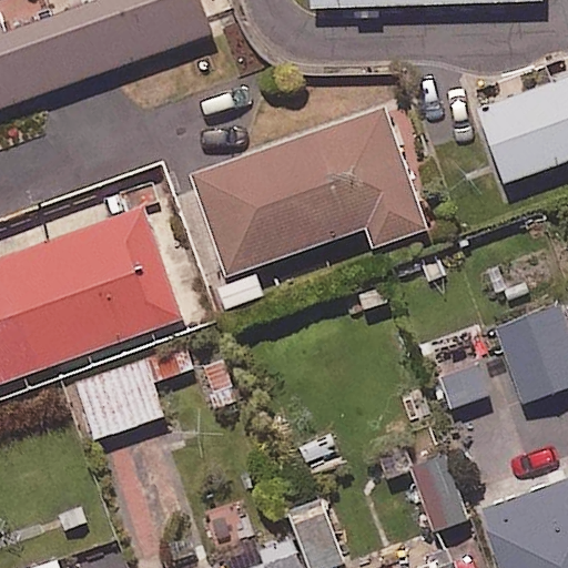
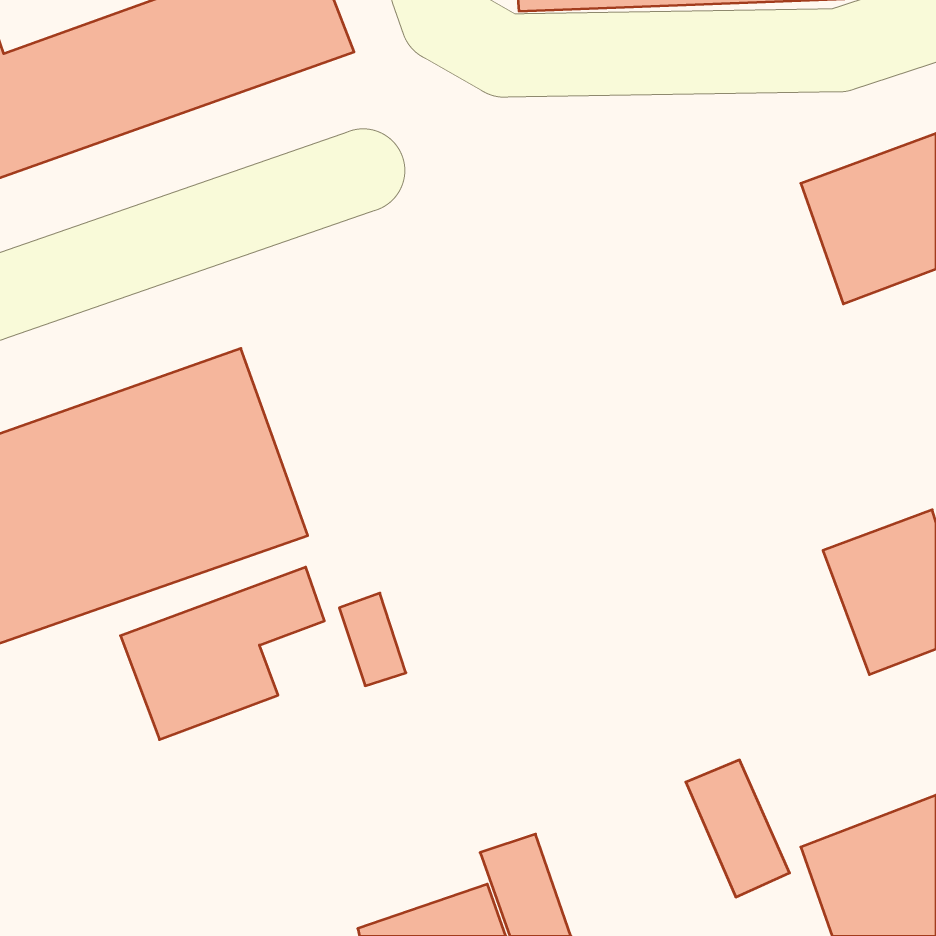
building: [192,108,428,308] -> none

